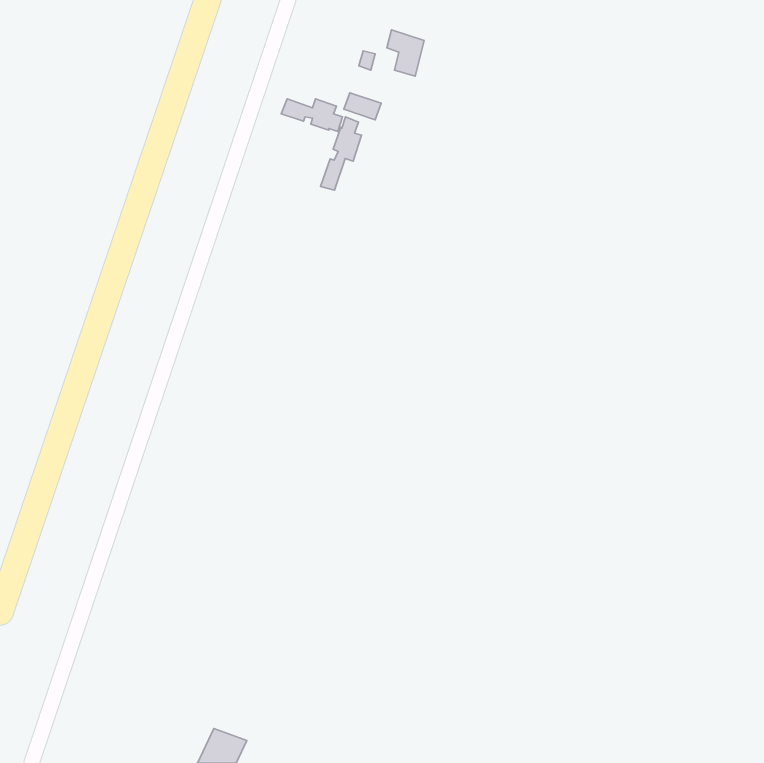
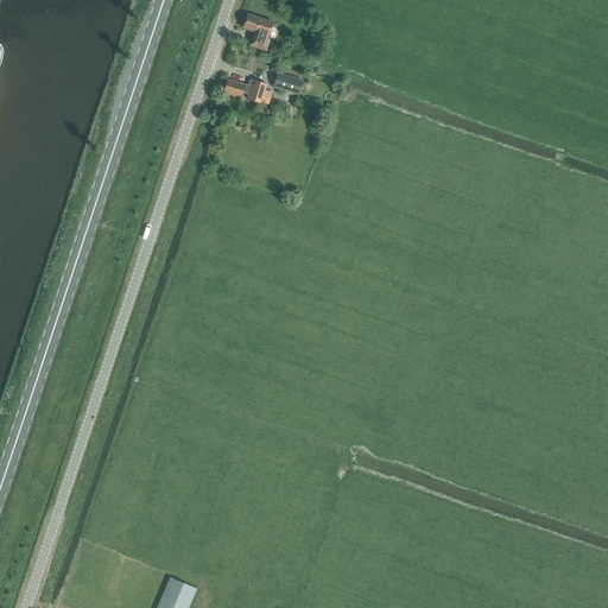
building: [387,30,424,76] -> [243,13,273,50]
building: [321,117,362,190] -> none

